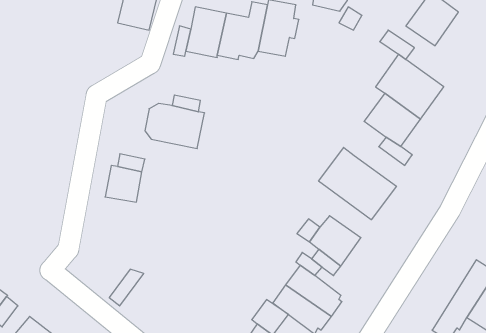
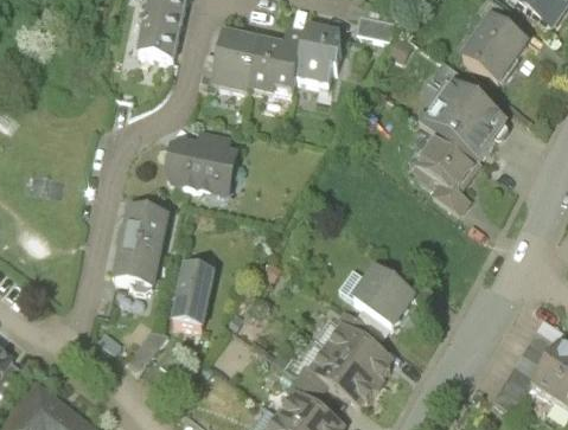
building: [319,147,396,220] -> none
building: none -> [111,248,158,291]
building: none -> [173,269,211,327]

